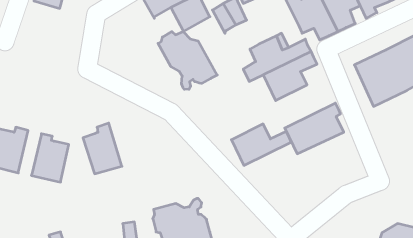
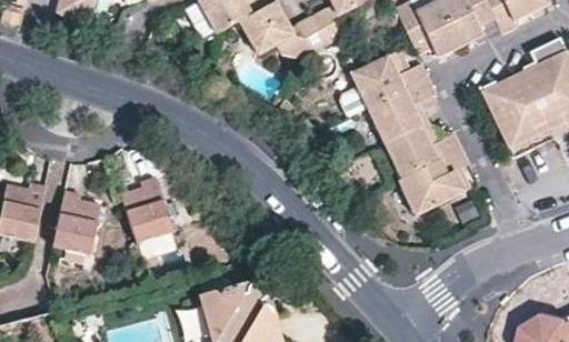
building: [158,31,217,89] -> none
building: [231,124,291,165] -> [379,123,459,179]

